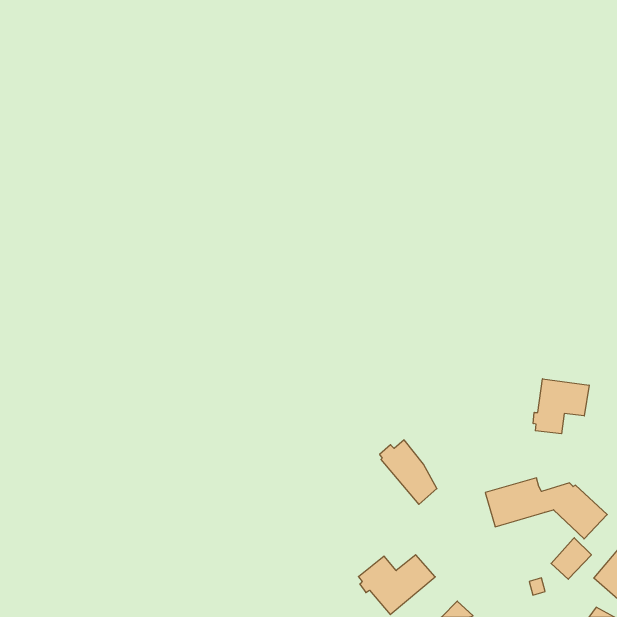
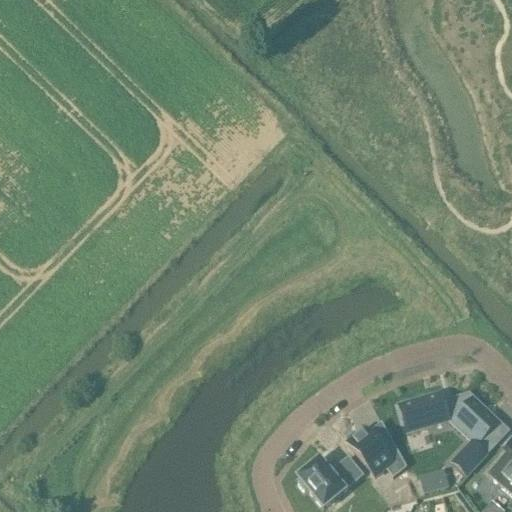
building: [533,379,589,434] -> none
building: [380,440,437,504] -> [348,424,395,477]

